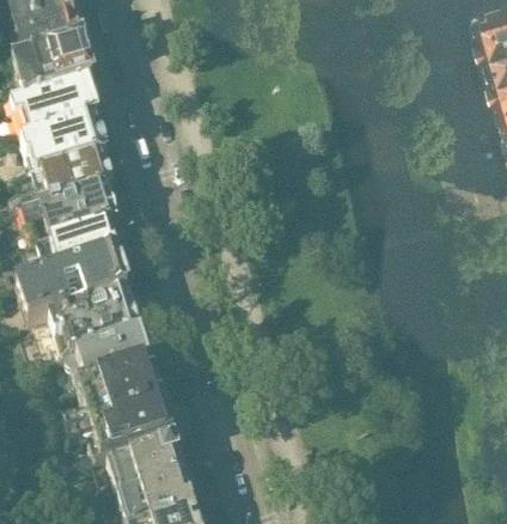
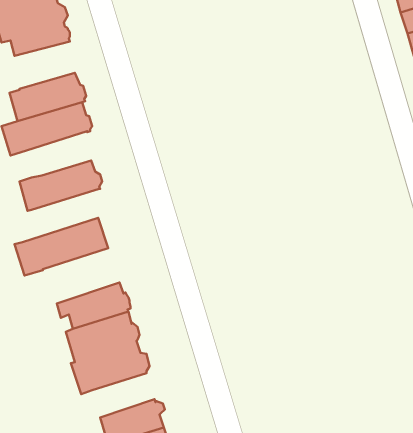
building: [17,59,97,115] -> none
building: [36,165,118,220] -> none
building: [26,233,127,297] -> none
building: [55,304,148,371] -> none
building: [114,452,194,505] -> none

